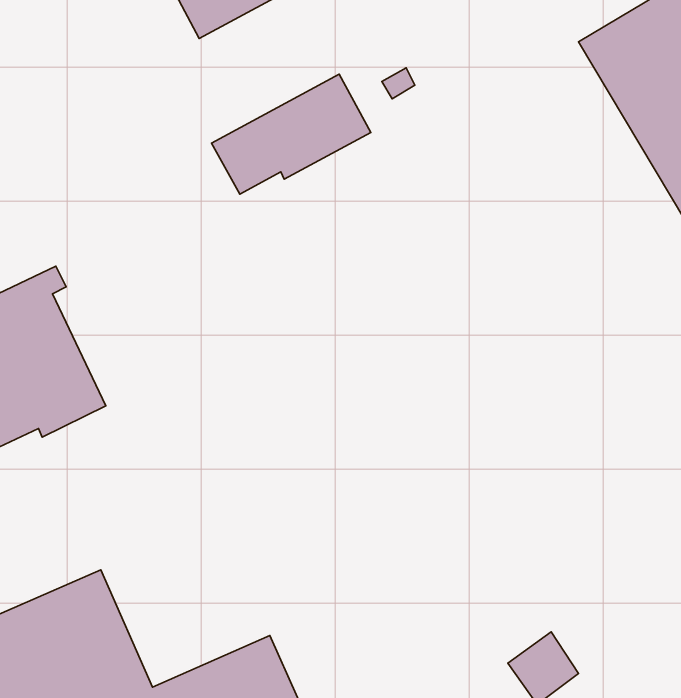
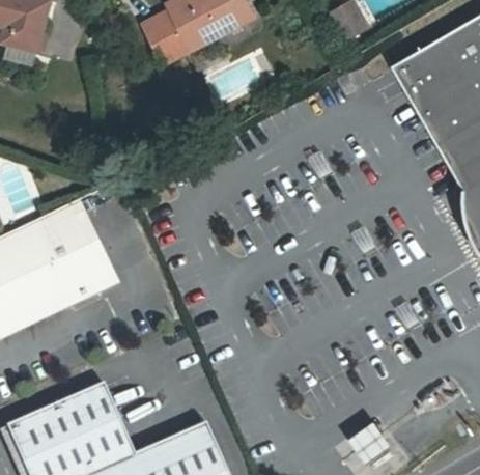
building: [211,74,371,194] -> none

